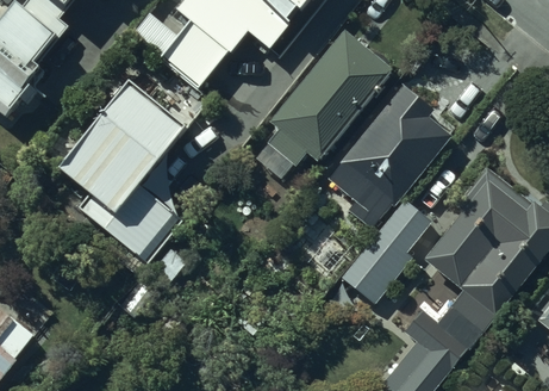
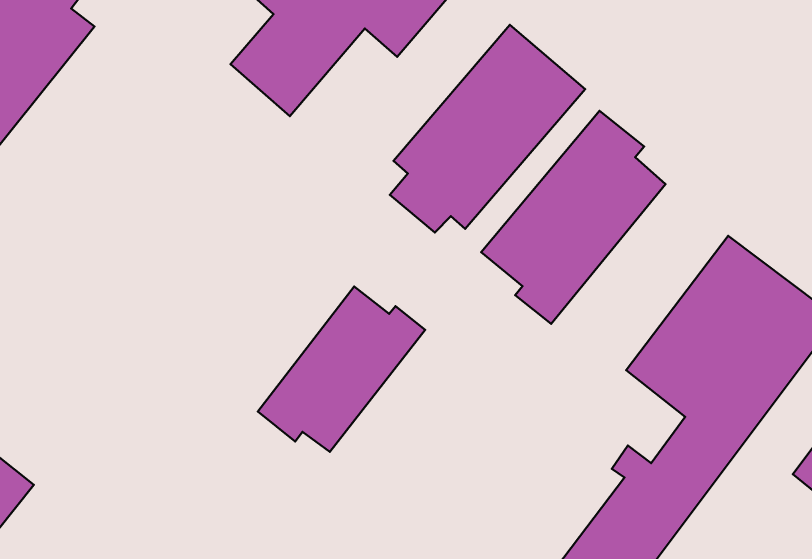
building: [54,60,200,265] -> none
building: [345,201,431,304] -> none
building: none -> [258,286,425,452]

